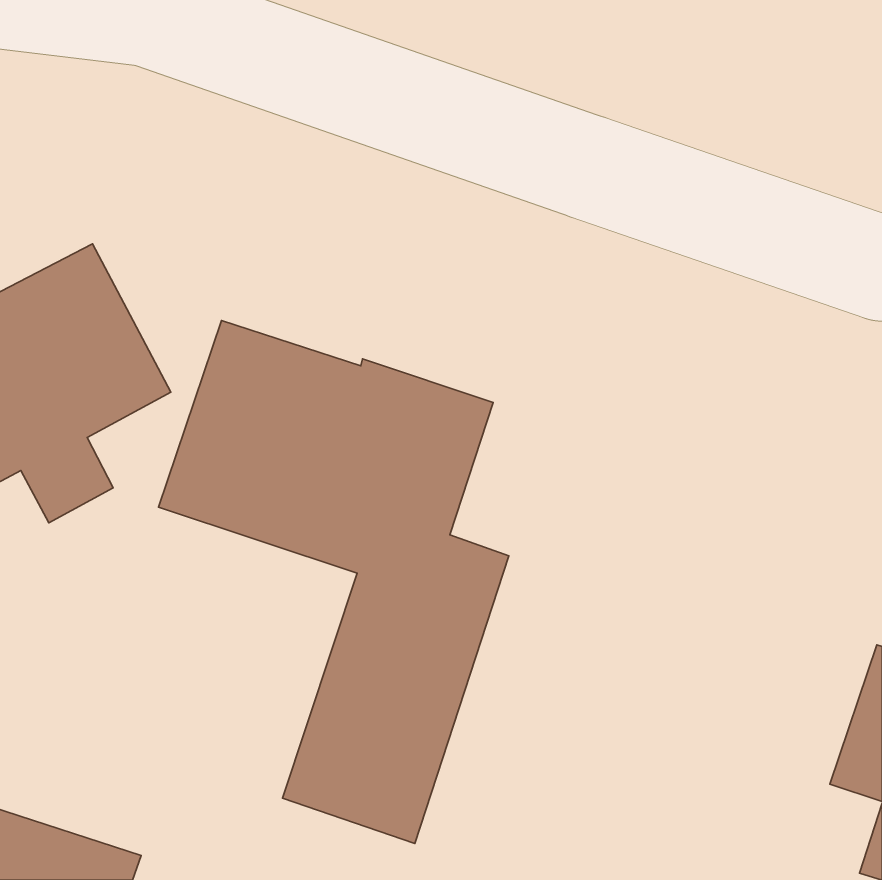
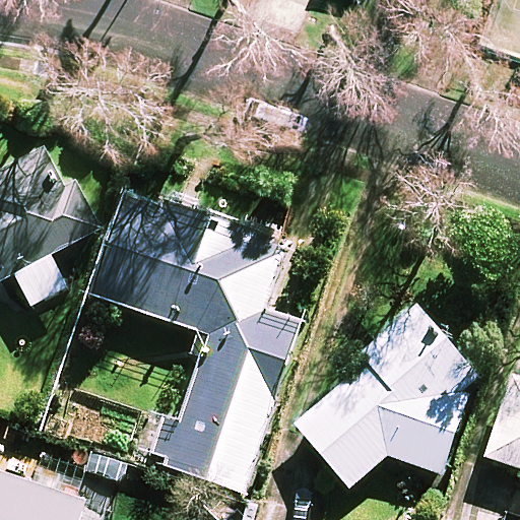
building: none -> [295,307,475,486]

